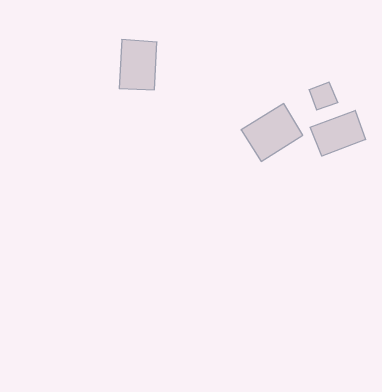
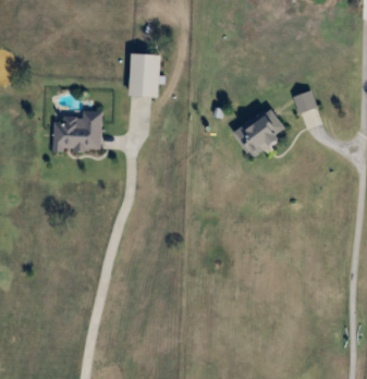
building: none -> [53,111,102,150]
building: [310,110,366,156] -> none

